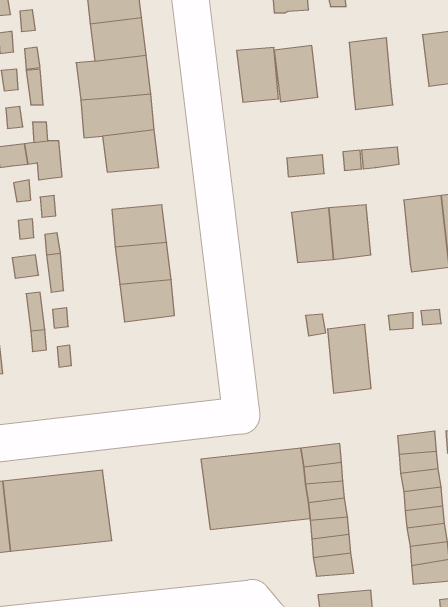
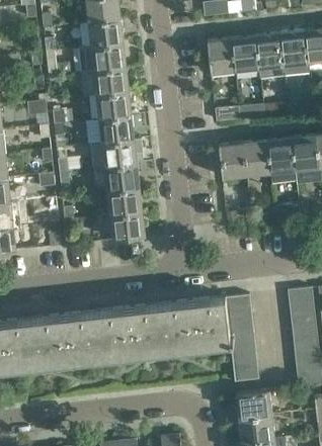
building: none -> [279,30,307,66]
building: [237,47,279,102] -> [231,35,258,71]
building: none -> [98,116,134,144]
building: none -> [109,212,145,241]
building: [327,324,371,393] -> [266,138,295,182]
building: none -> [95,305,165,358]

